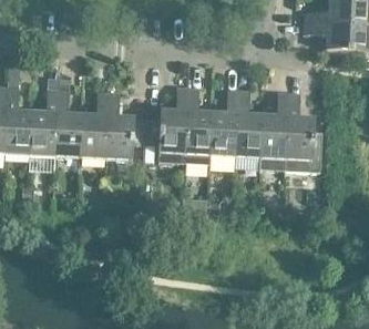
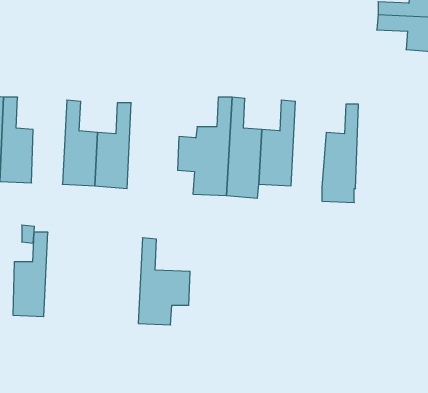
building: [30,88,58,154] -> [13,232,48,317]
building: [235,89,263,156] -> none
building: [105,90,146,158] -> [138,238,190,325]
building: [285,91,321,171] -> none

